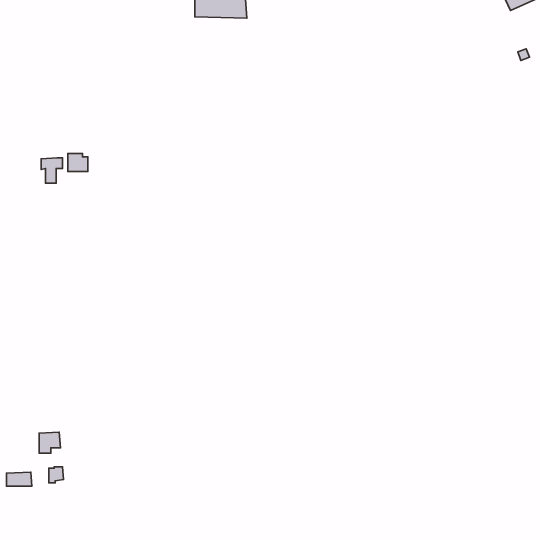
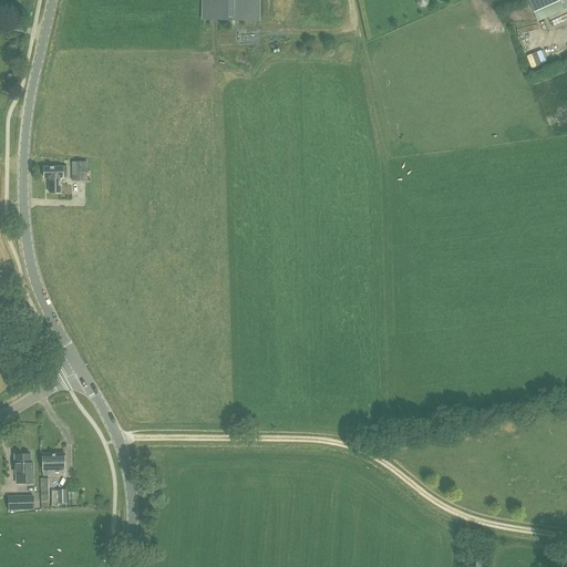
building: none -> [13,453,32,482]

